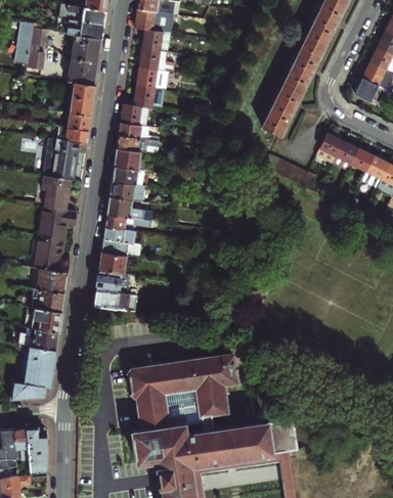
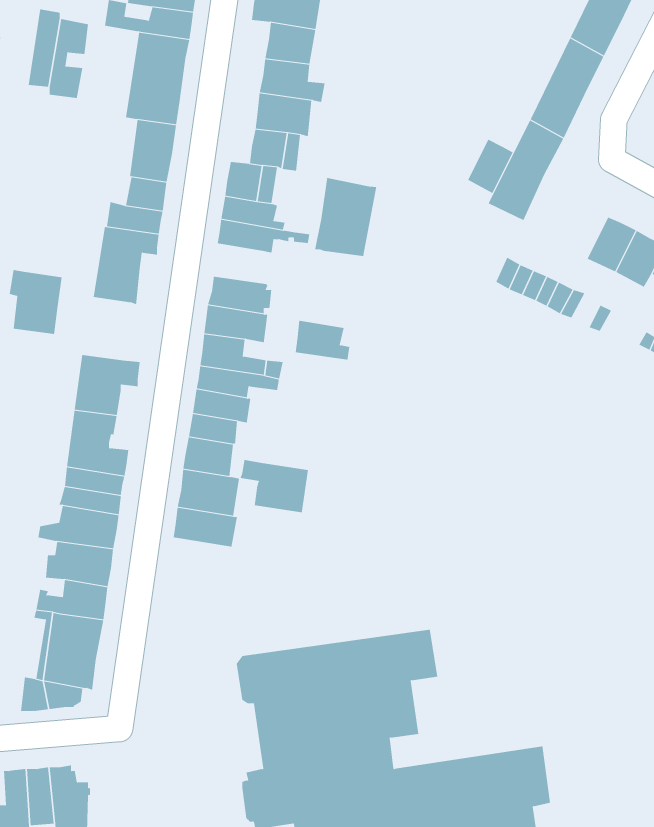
building: none -> [467,139,513,194]
building: none -> [314,177,377,257]
building: [115,147,144,169] -> [295,320,350,360]
building: [42,175,71,210] -> [9,269,62,334]
building: none -> [240,459,309,513]

